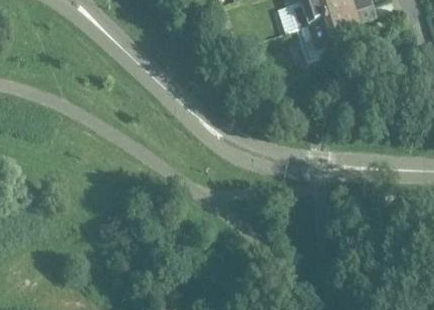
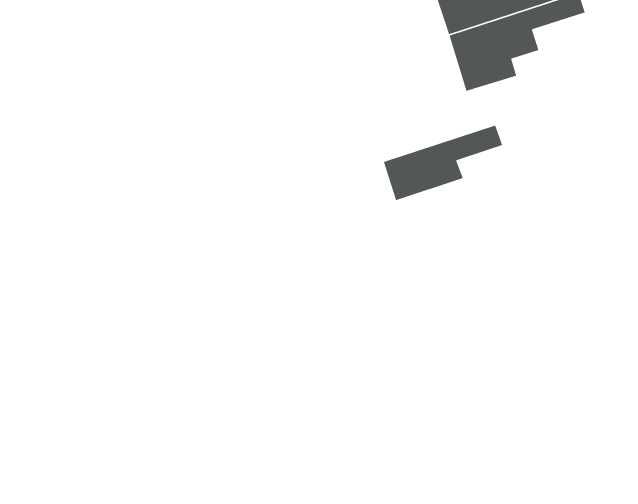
building: none -> [383,124,503,201]

